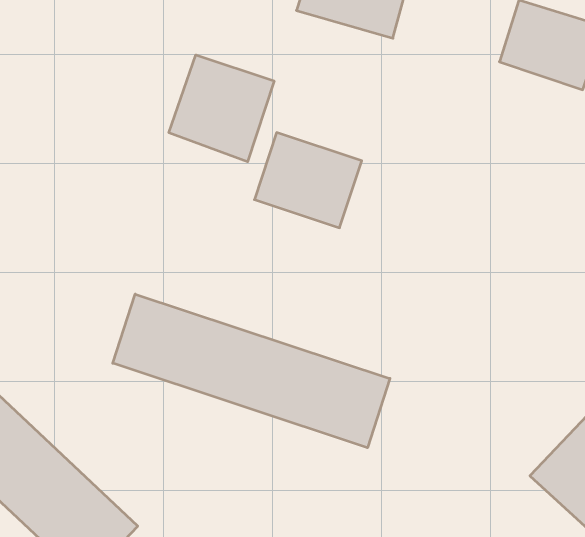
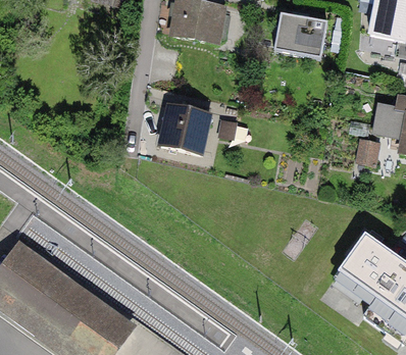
building: [169,55,274,162] -> none
building: [113,294,390,448] -> none

